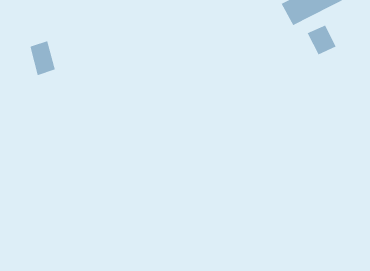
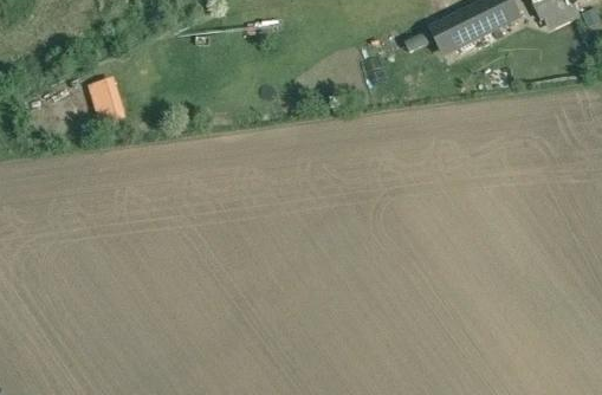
building: [307,24,337,55] -> none

